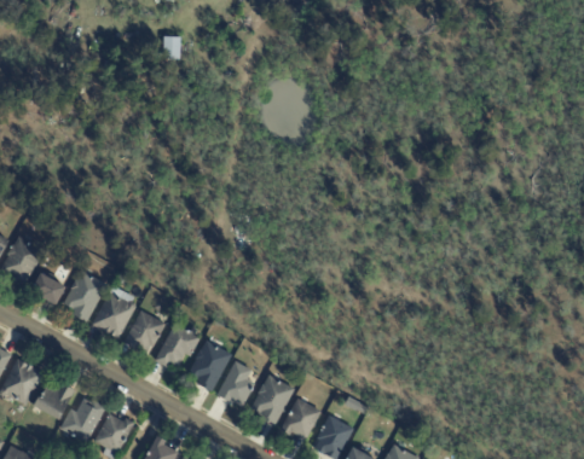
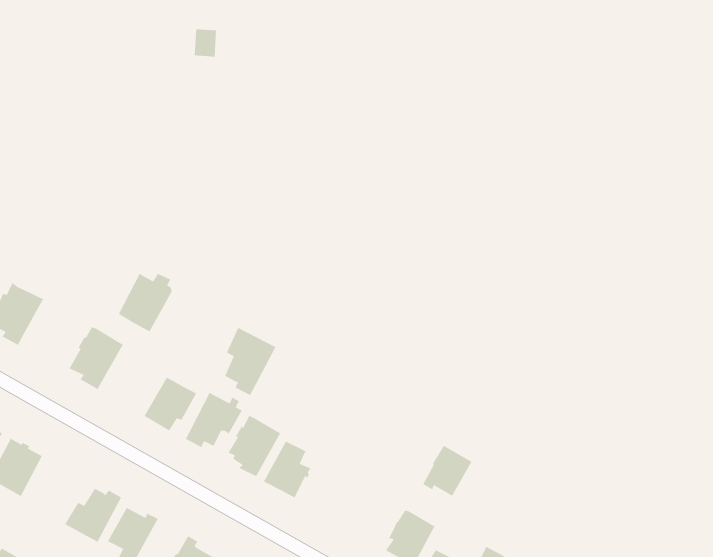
building: none -> [224,327,277,396]
building: [30,272,65,304] -> none
building: [92,291,135,338] -> [118,273,173,332]
building: [250,374,294,425] -> none
building: [33,382,74,418] -> none
building: [281,399,320,440] -> [422,445,472,497]

